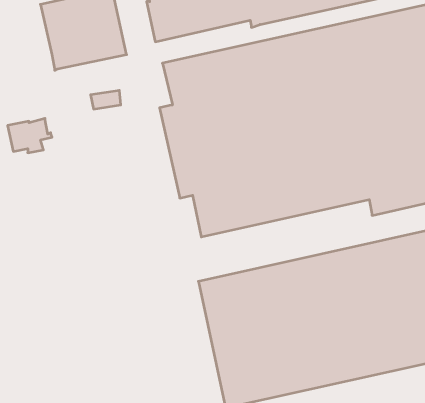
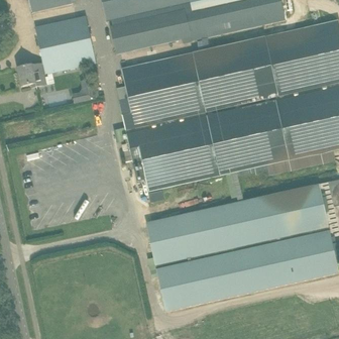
building: [8,118,52,153] -> [17,62,48,86]

